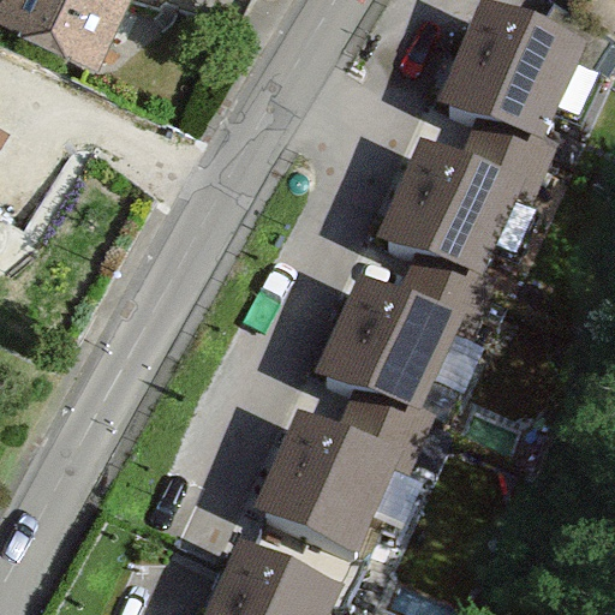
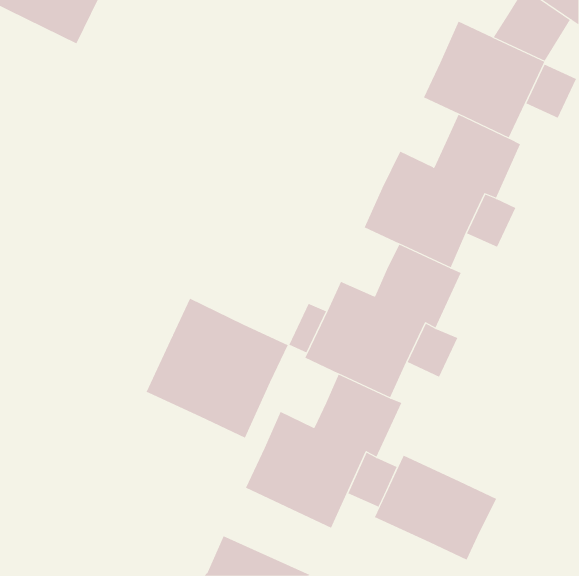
building: none -> [146,298,288,438]
building: none -> [374,455,497,560]

